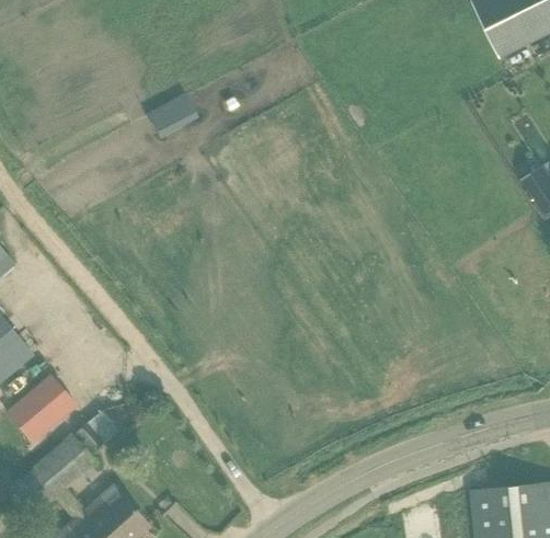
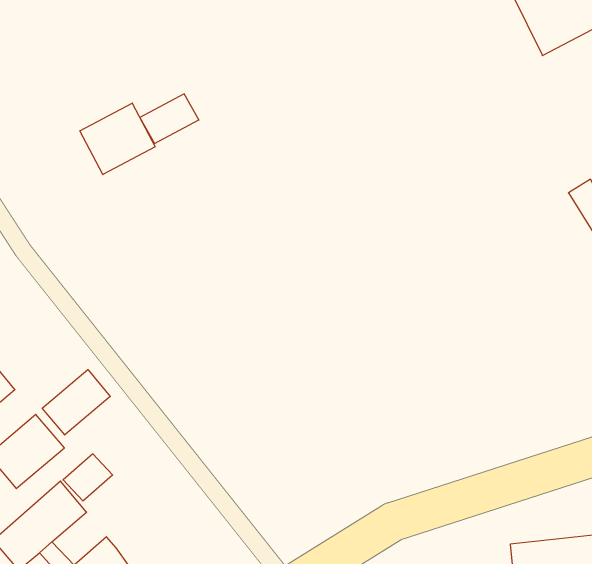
building: none -> [80,103,155,175]
building: none -> [42,370,110,435]

